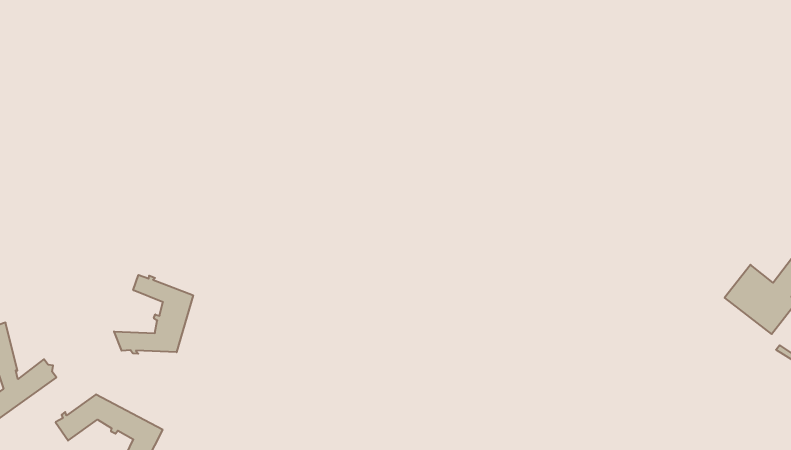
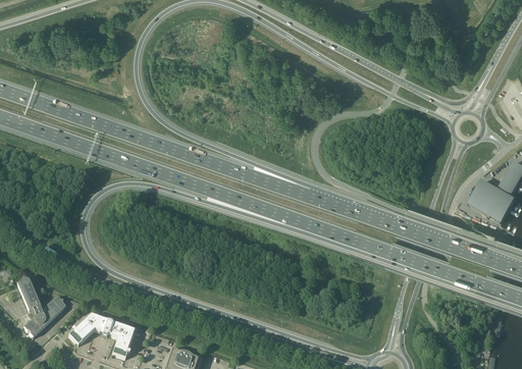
building: [114,275,193,354] -> none

